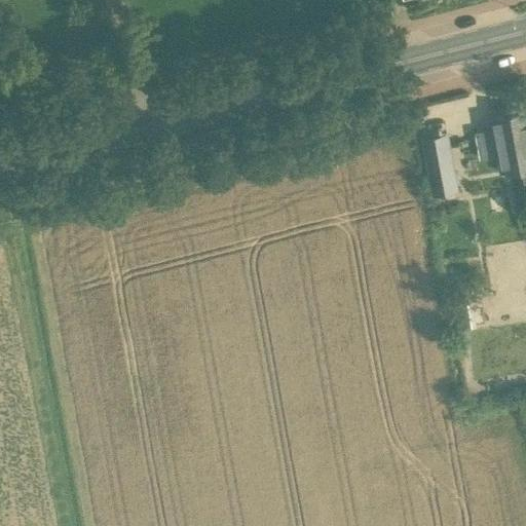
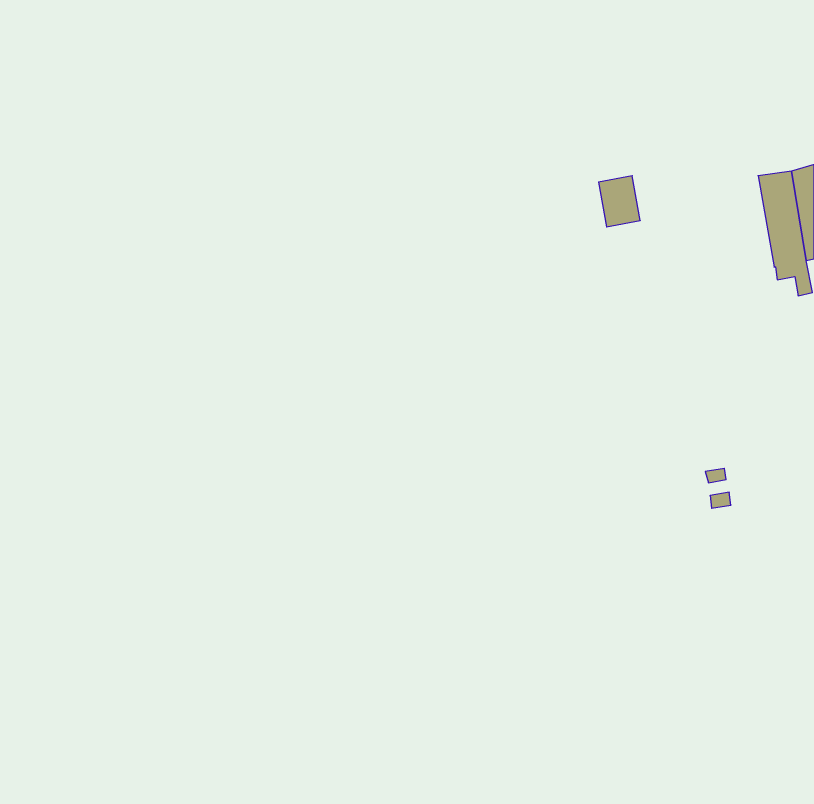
building: [423,154,450,187] -> [599,176,640,227]

